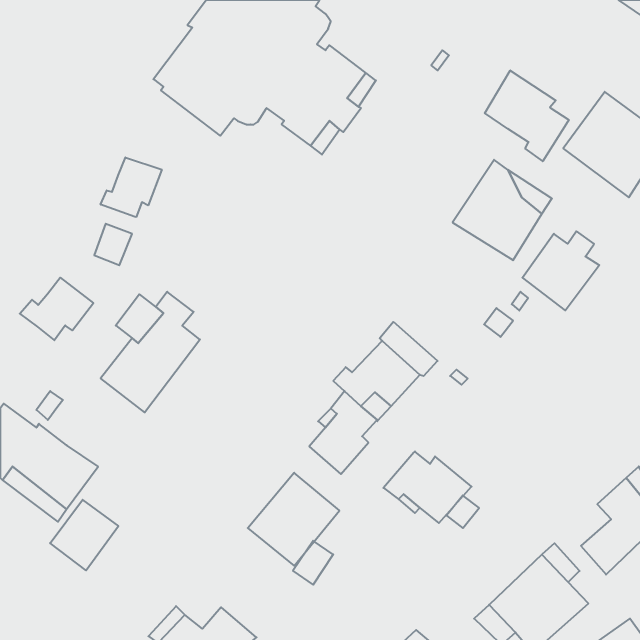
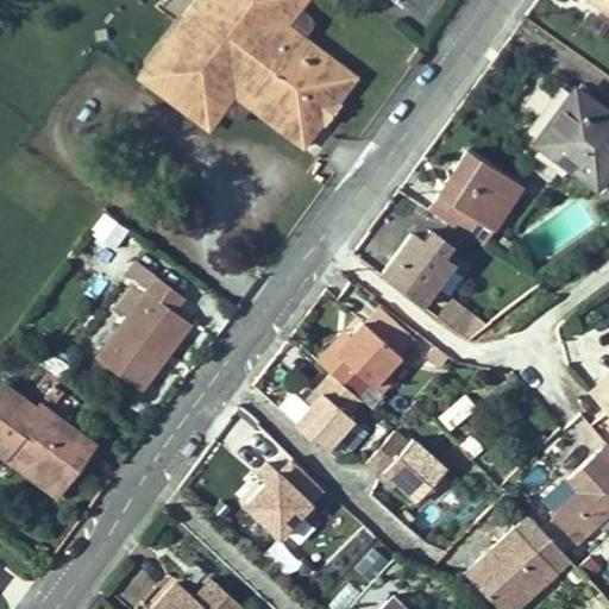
building: [485,70,569,161] -> none
building: [101,157,162,217] -> none
building: [522,231,599,310] -> [382,232,454,307]
building: [20,278,93,340] -> none
building: [50,500,118,570] -> none

